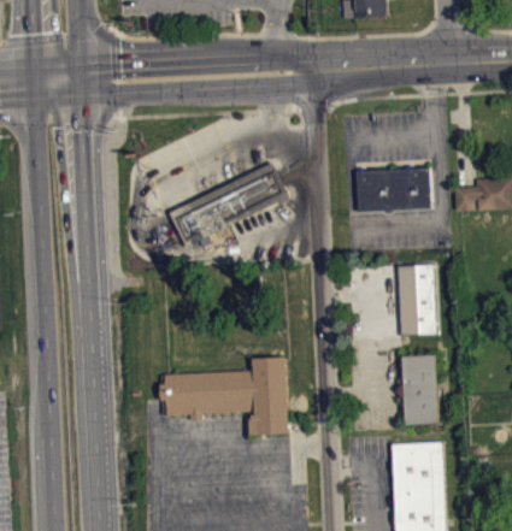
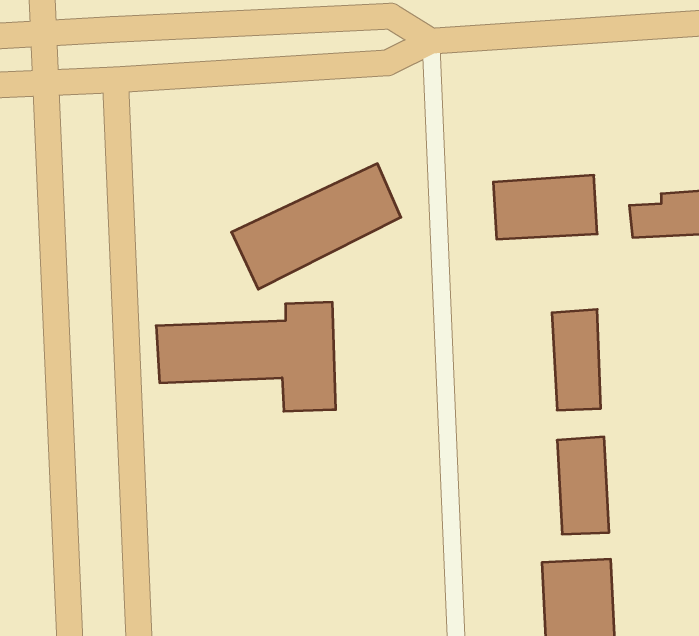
building: [160,356,289,435] -> [156,302,336,411]

